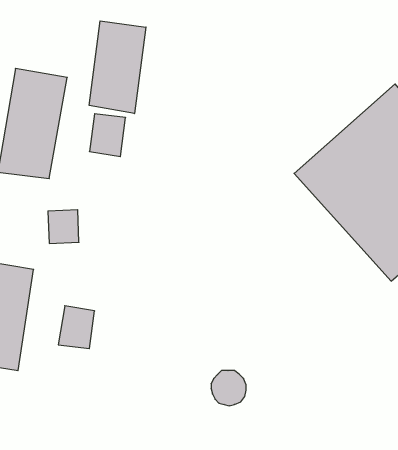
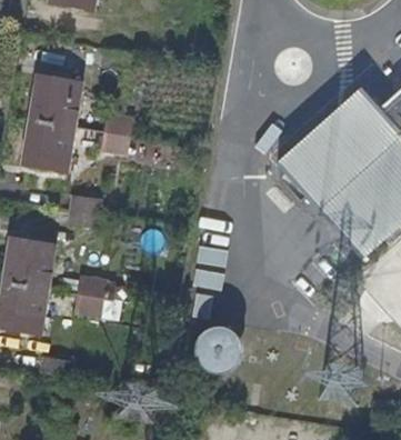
building: [89,21,146,114] -> none

